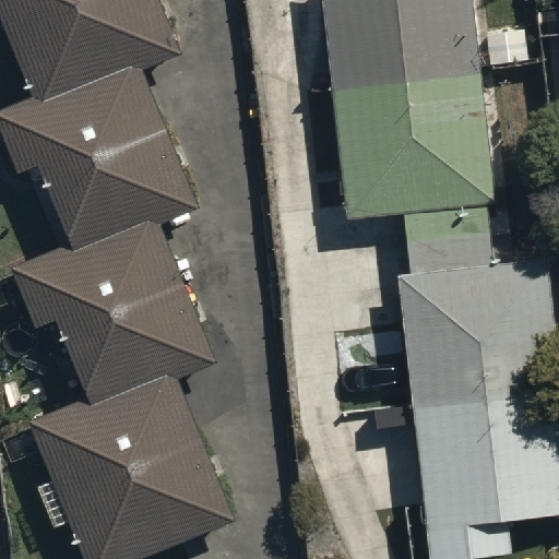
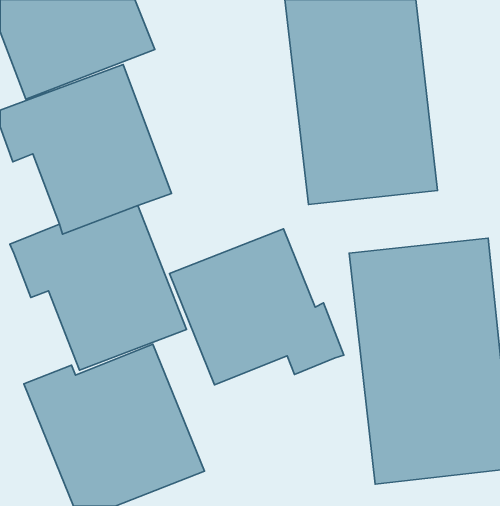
building: none -> [170,229,344,385]

